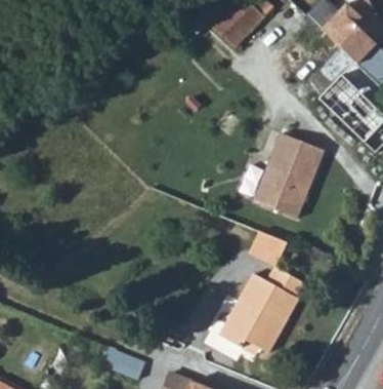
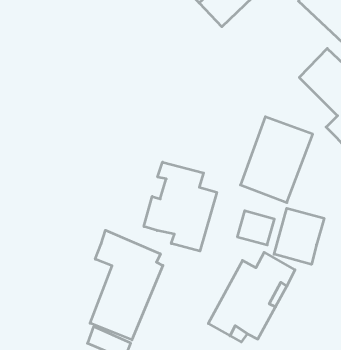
building: none -> [144,162,217,251]
building: none -> [274,208,324,264]
building: none -> [90,230,163,340]

